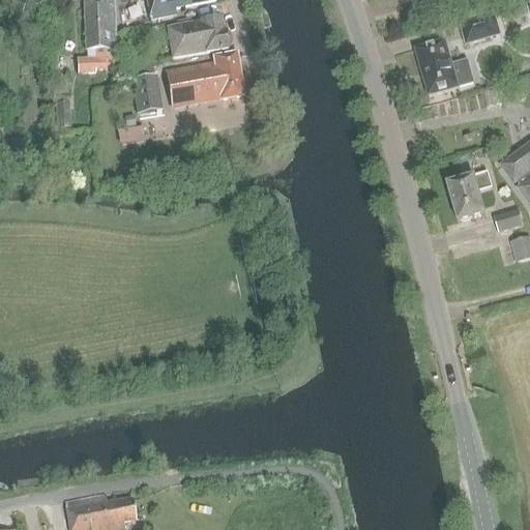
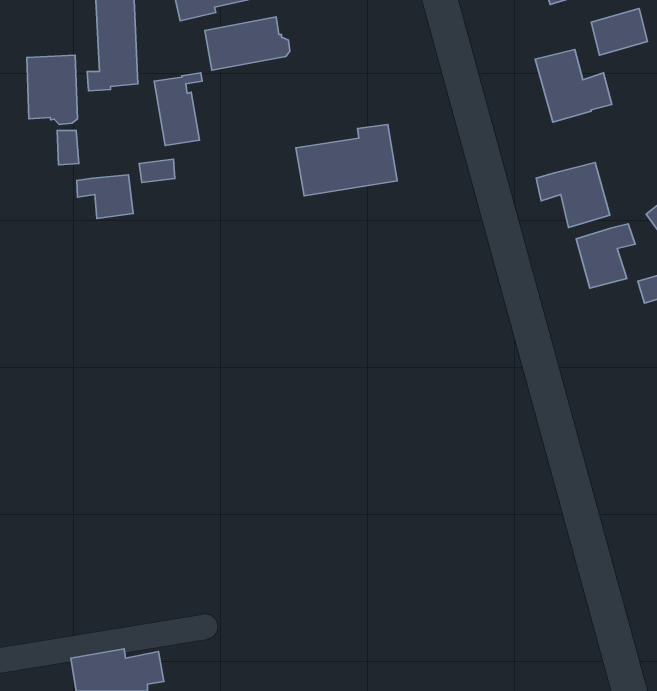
building: none -> [27,55,78,124]
building: [167,51,243,105] -> [296,125,397,196]
building: none -> [536,163,610,227]
building: none -> [77,175,133,218]

